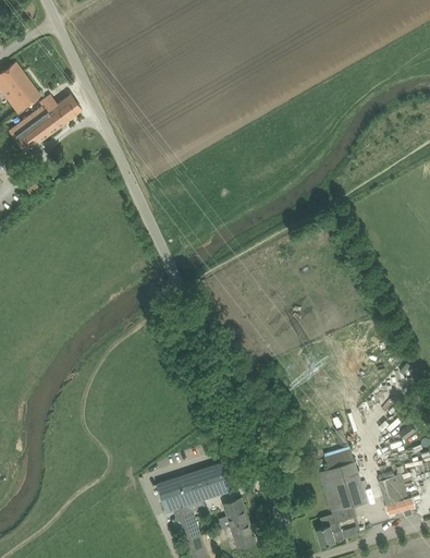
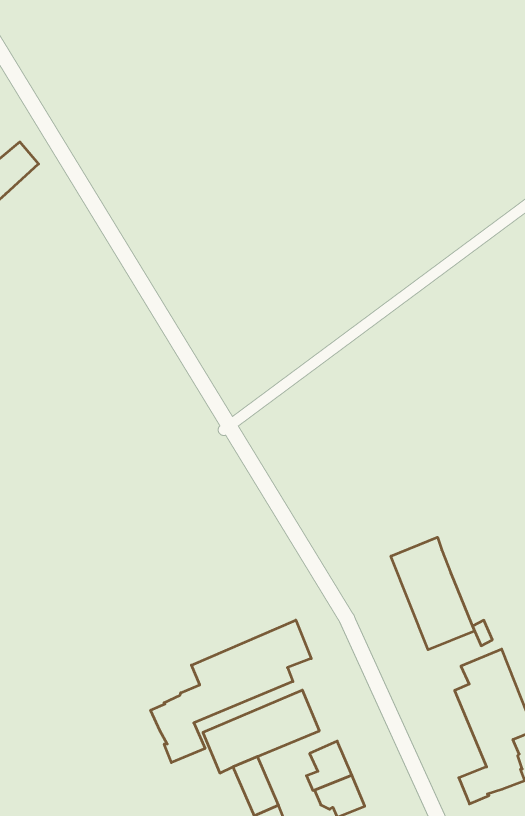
building: none -> [391,537,475,650]
building: none -> [151,620,311,763]

